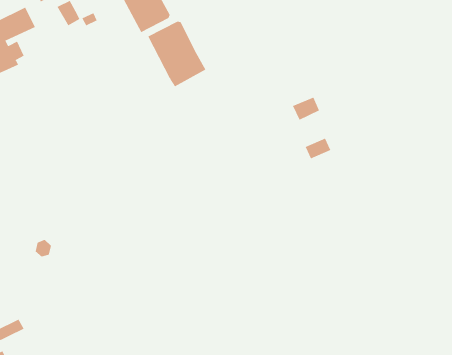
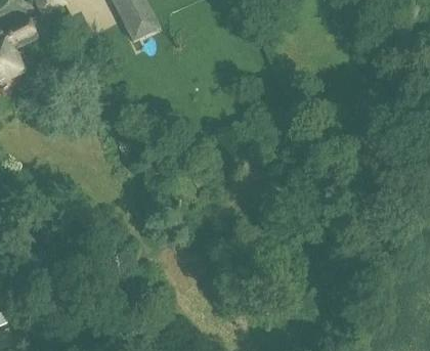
building: [148,21,206,87] -> none

